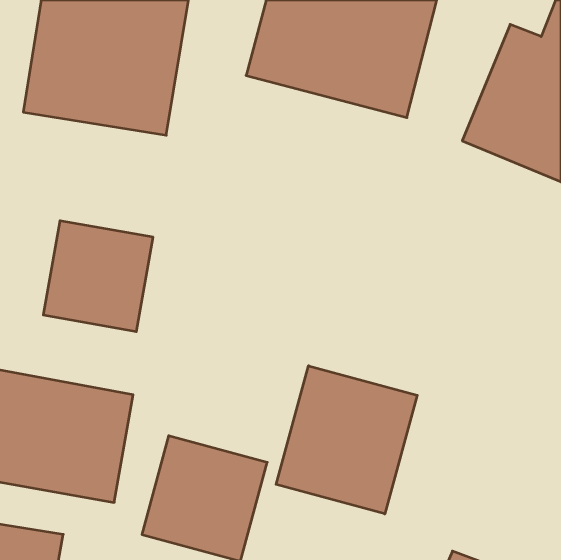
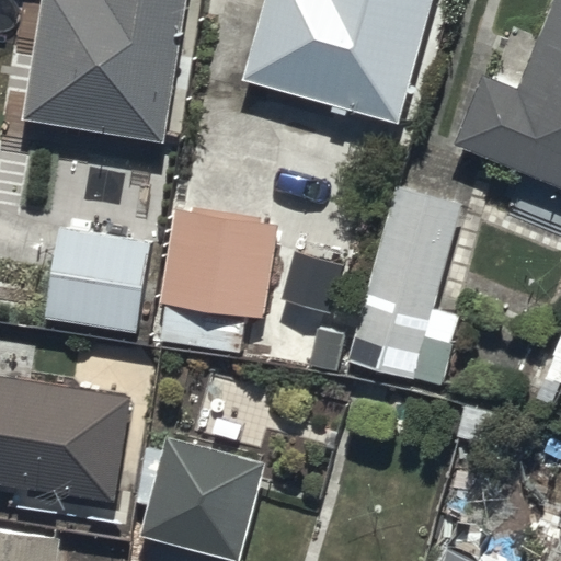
building: none -> [346,185,461,386]
building: none -> [159,207,277,354]
building: [276,366,417,514] -> none

